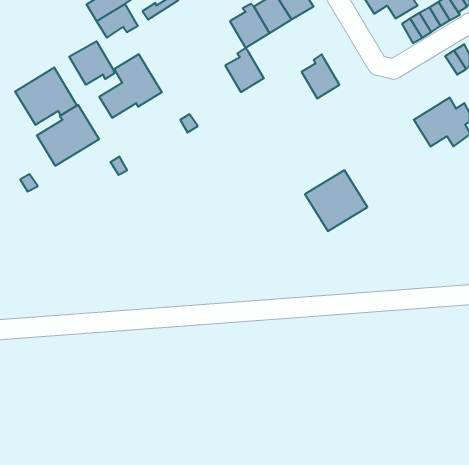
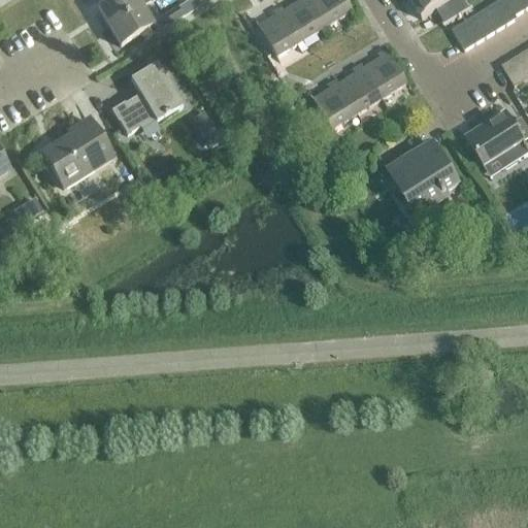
building: none -> [364,45,407,95]
building: [69,41,114,85] -> none
building: [225,48,264,92] -> [314,76,357,126]
building: [15,67,77,125] -> none
building: [305,170,367,231] -> [388,140,458,208]

